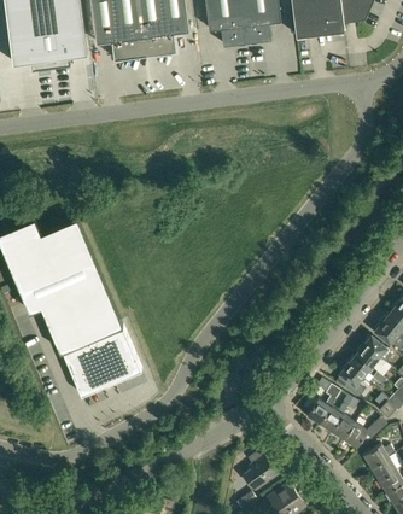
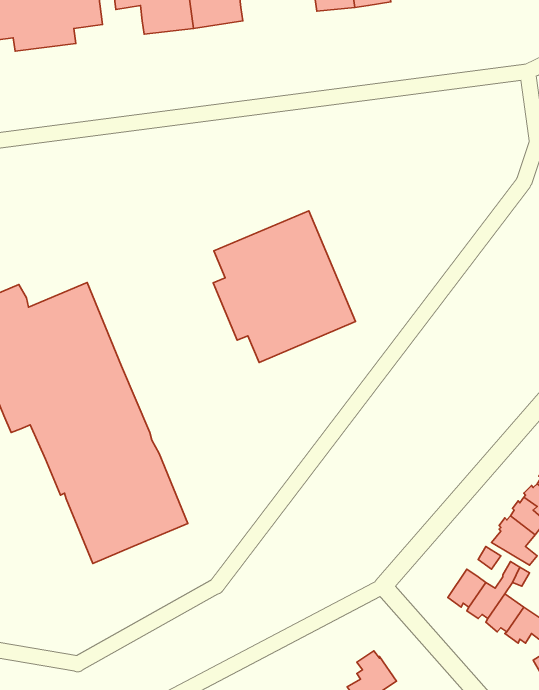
building: none -> [213,211,356,363]

